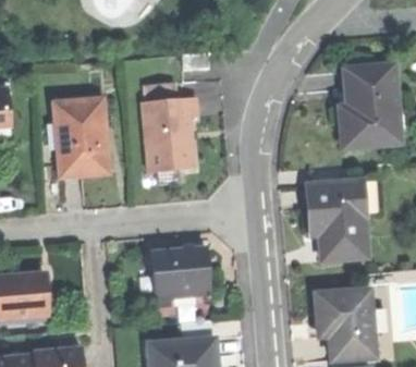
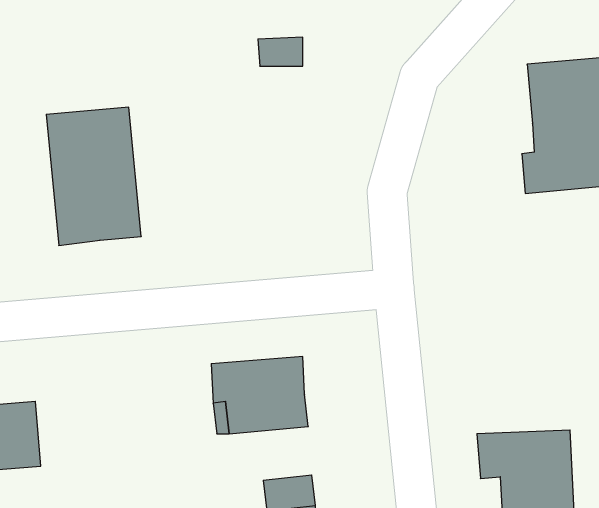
building: [143,99,196,171] -> none
building: [308,183,366,260] -> none

